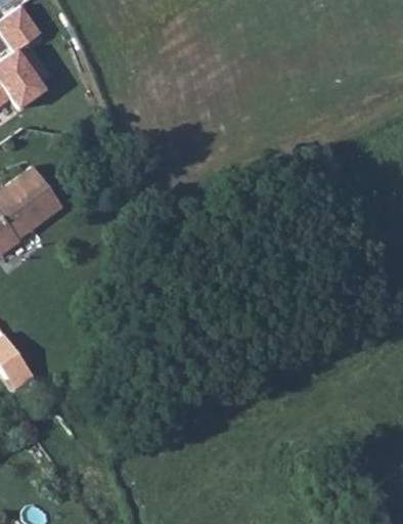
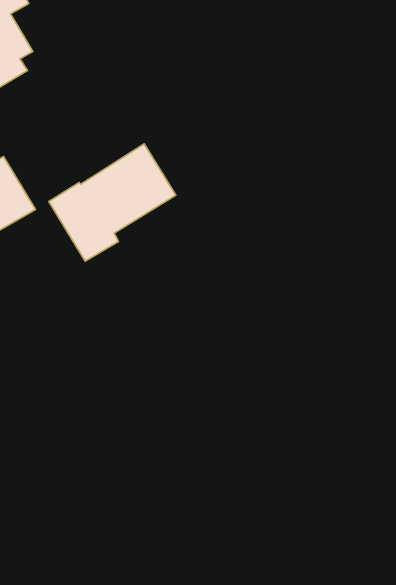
building: none -> [49,144,176,261]

